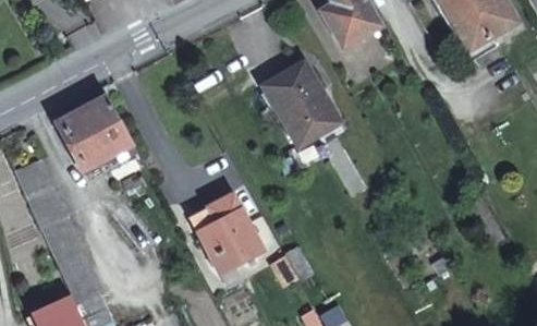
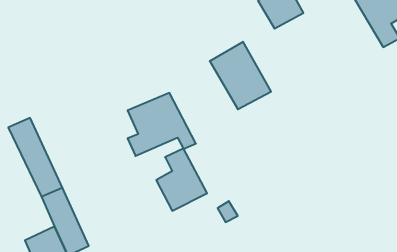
building: [57,98,142,177] -> [128,93,196,156]

